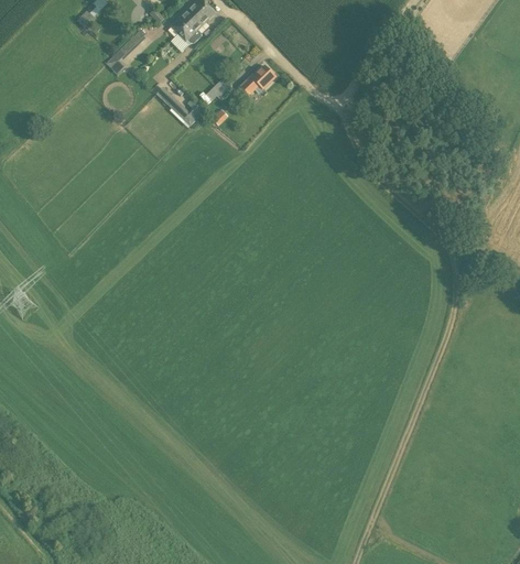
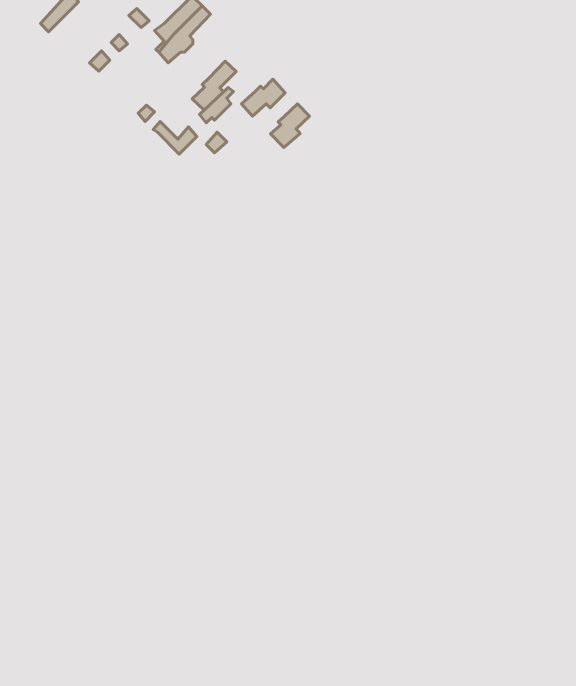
building: none -> [192,61,236,110]
building: none -> [271,104,310,148]

